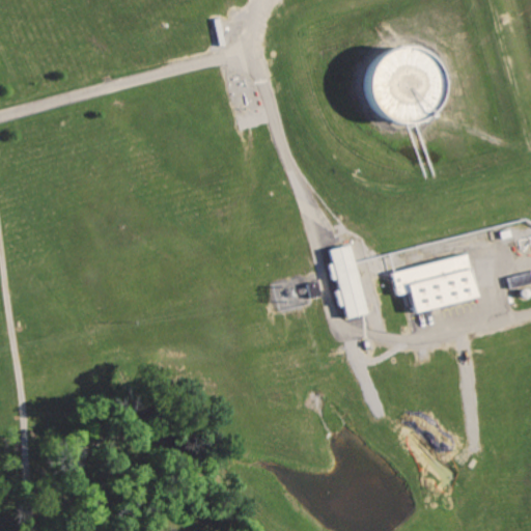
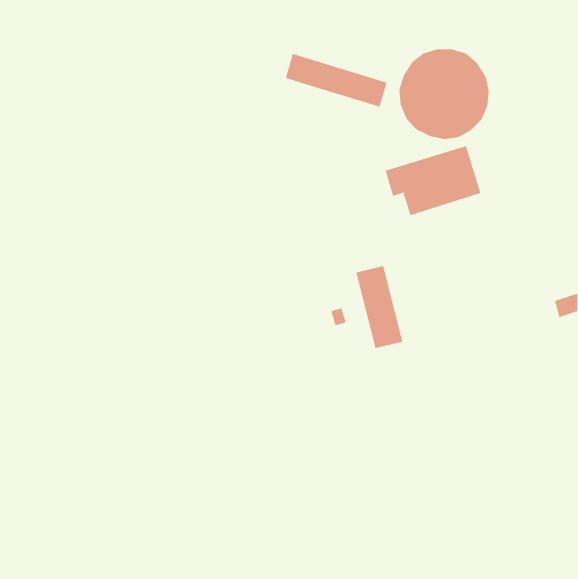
building: none -> [285,53,387,108]
building: [391,250,479,314] -> [385,145,481,216]

